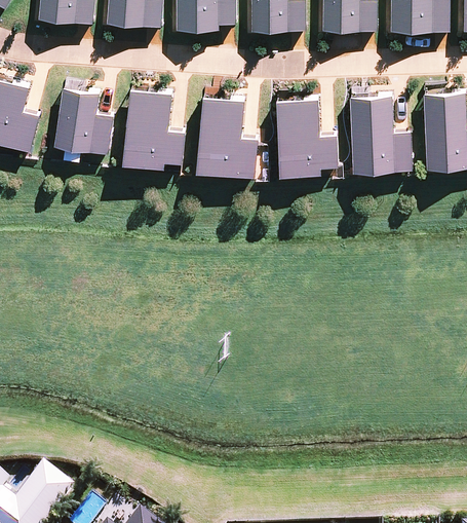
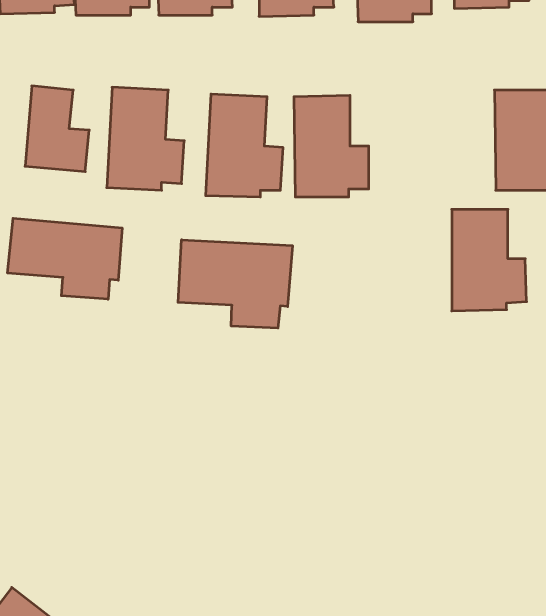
building: [348,91,405,170] -> [452,209,527,311]
building: none -> [8,218,122,299]
building: none -> [178,240,292,328]

